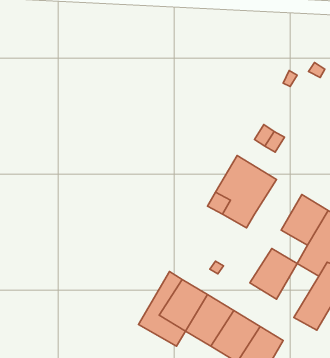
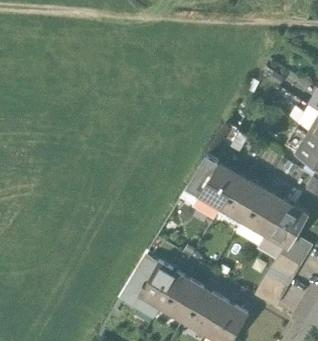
building: [250,249,297,299] -> [223,175,264,219]

